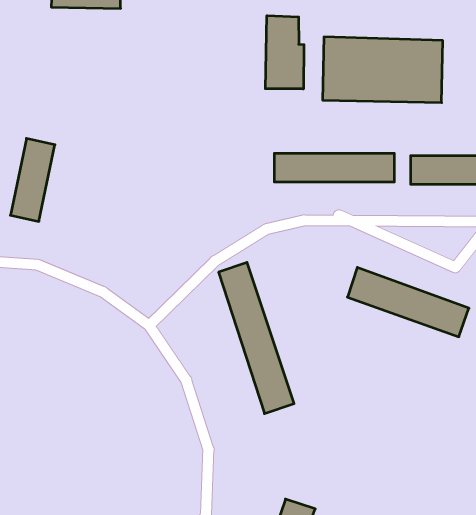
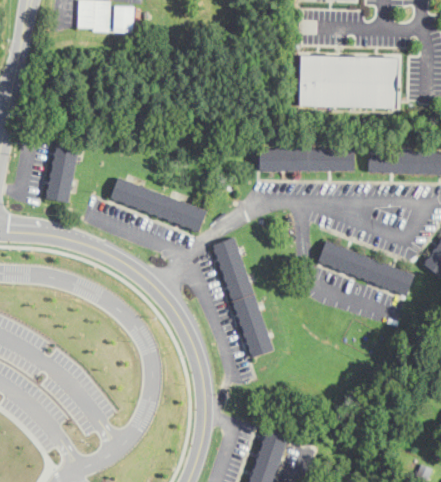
building: [265,16,304,89] -> none
building: none -> [110,176,208,235]

